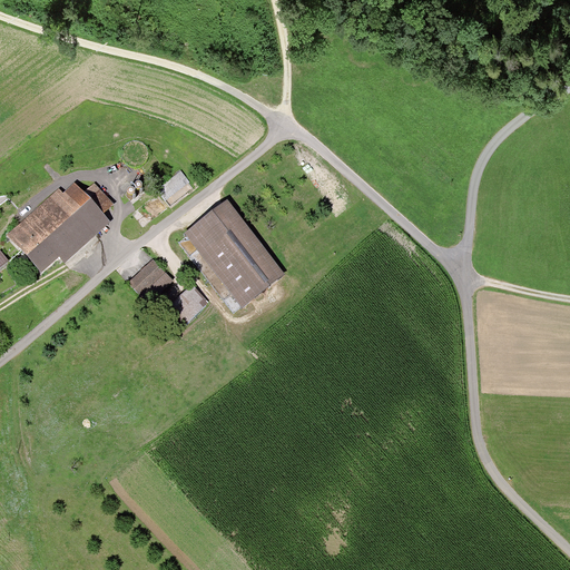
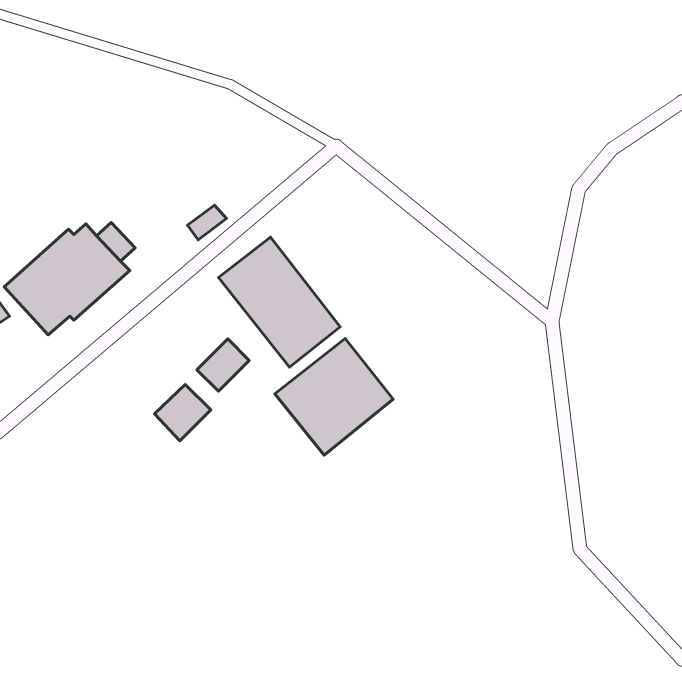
building: [126,256,173,303] -> [154,384,211,441]
building: none -> [275,338,393,455]

